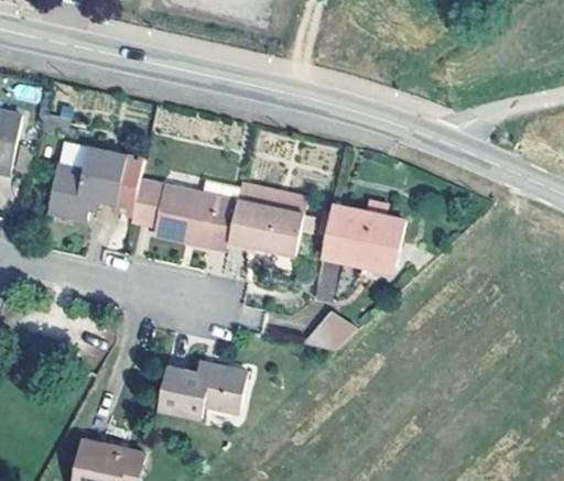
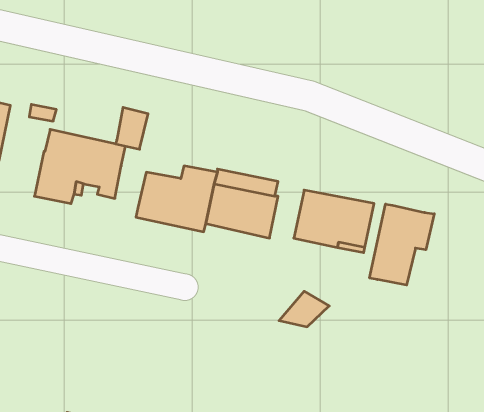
building: [130,181,164,225] -> [116,107,148,149]
building: none -> [370,204,434,285]
building: [156,362,247,418] -> none

